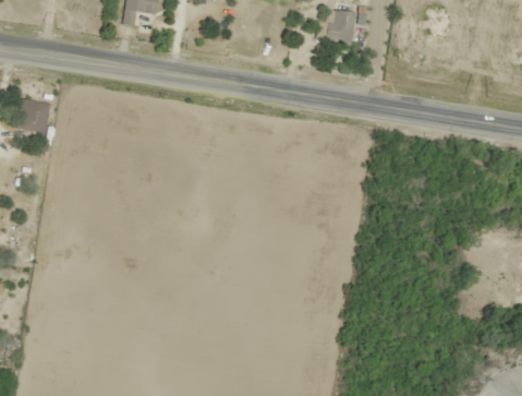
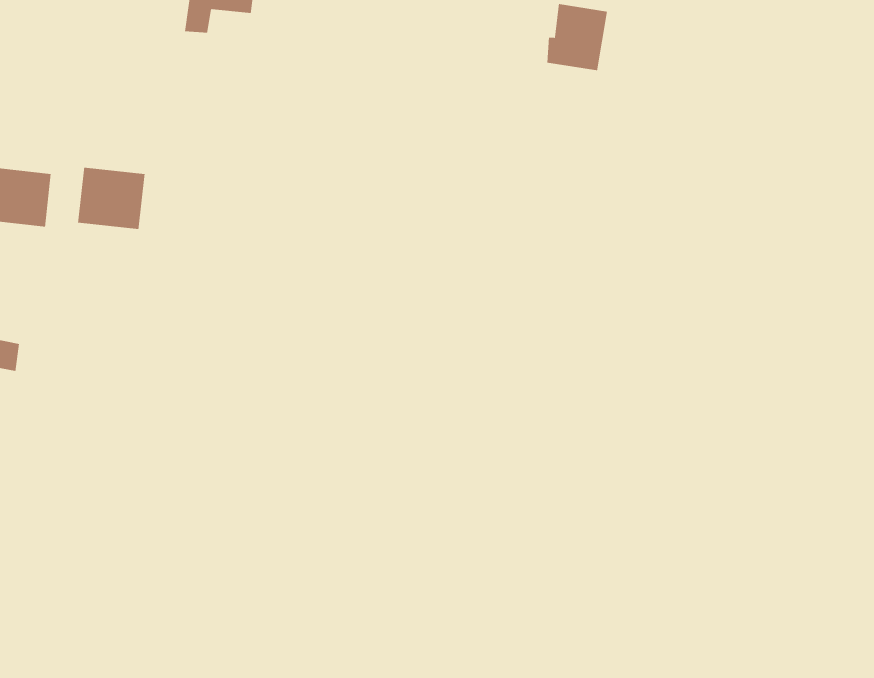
building: none -> [78,167,145,230]

